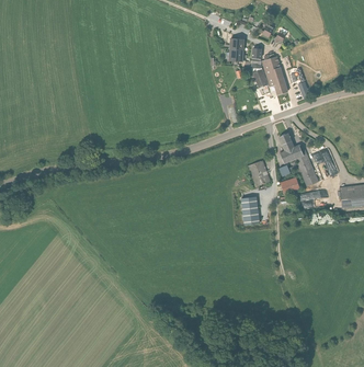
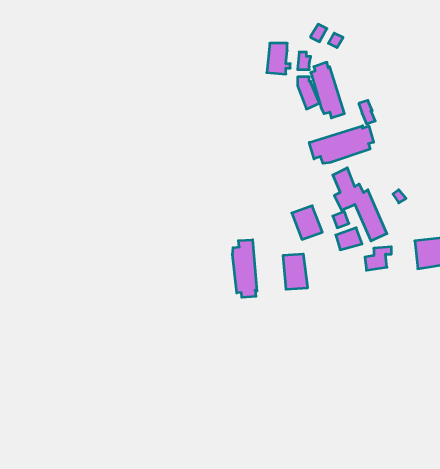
building: none -> [309,126,374,163]
building: none -> [233,240,257,297]

